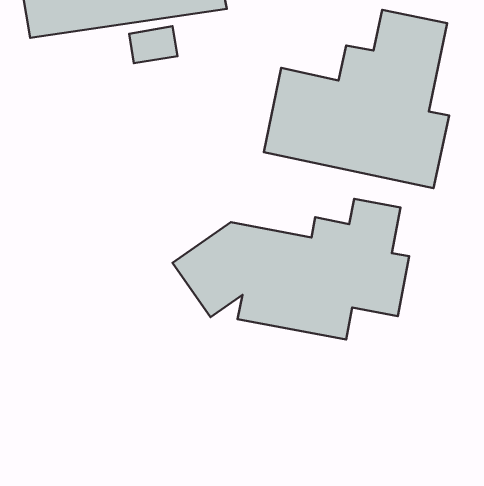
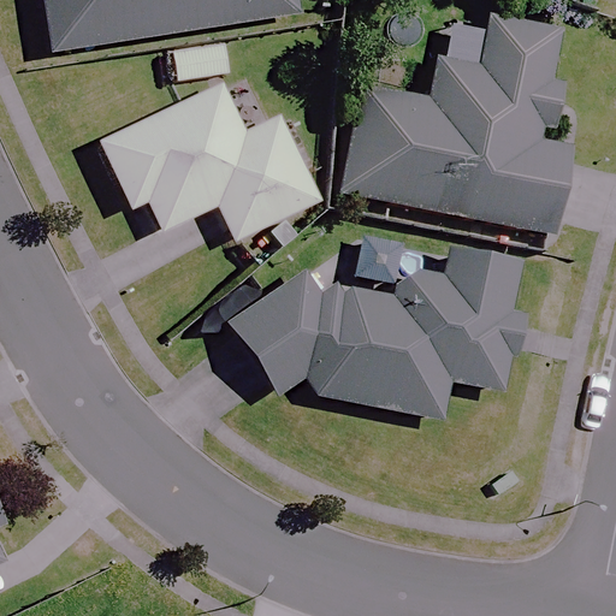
building: none -> [100,65,320,237]

